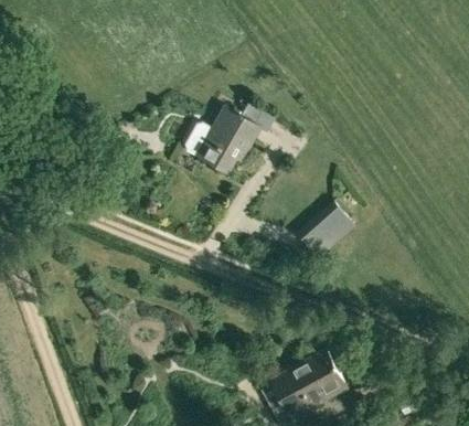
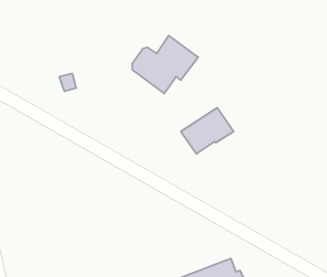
building: [298,202,358,257] -> [181,108,234,154]

